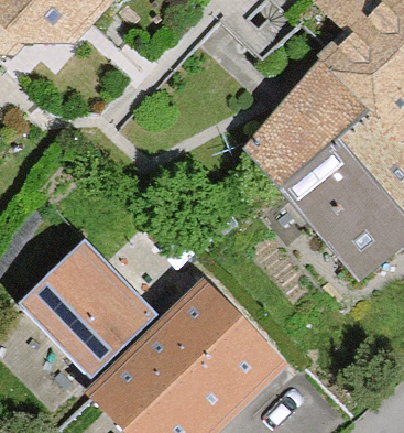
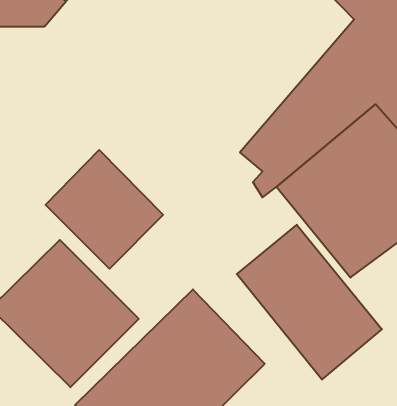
building: none -> [46,150,163,269]
building: none -> [237,225,382,380]

